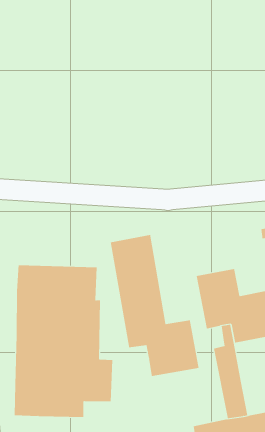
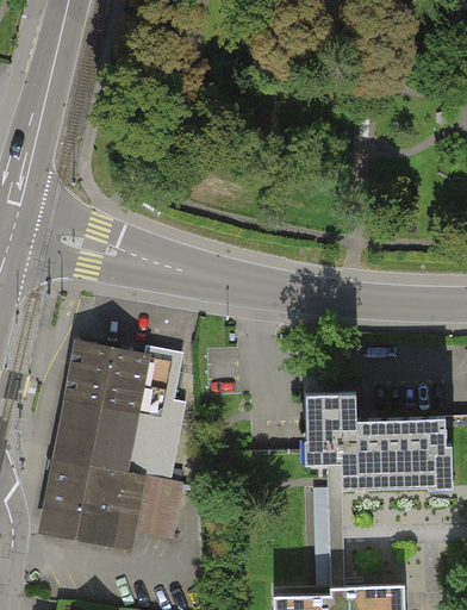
building: [110,234,199,377] -> none

